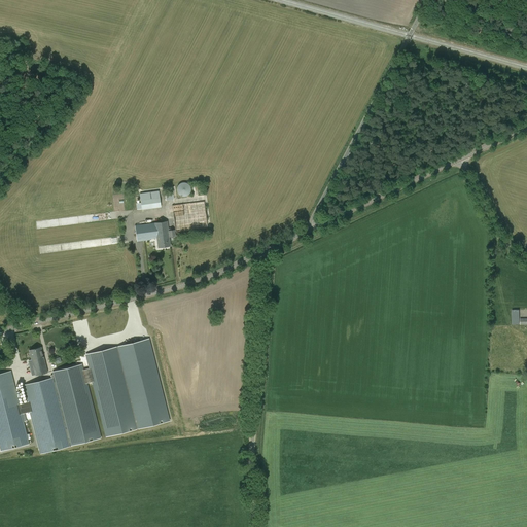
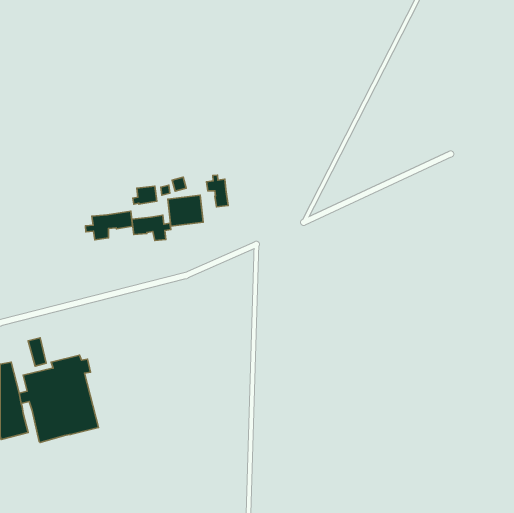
building: none -> [206,175,228,207]
building: none -> [86,211,133,240]
building: [85,338,169,435] -> none

